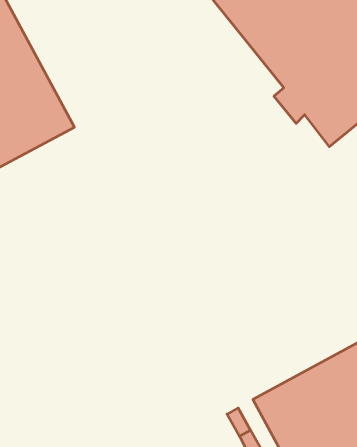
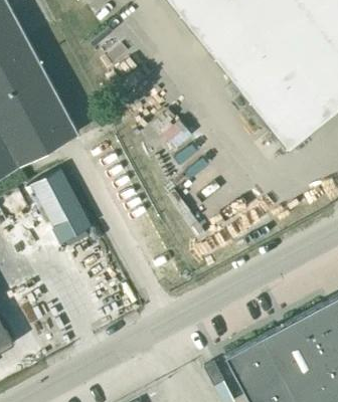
building: none -> [30,170,92,244]

